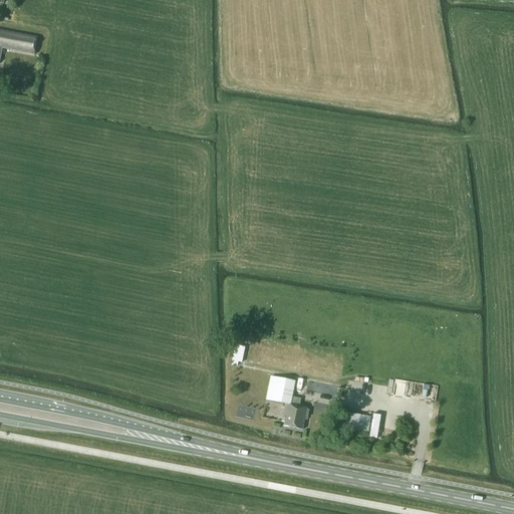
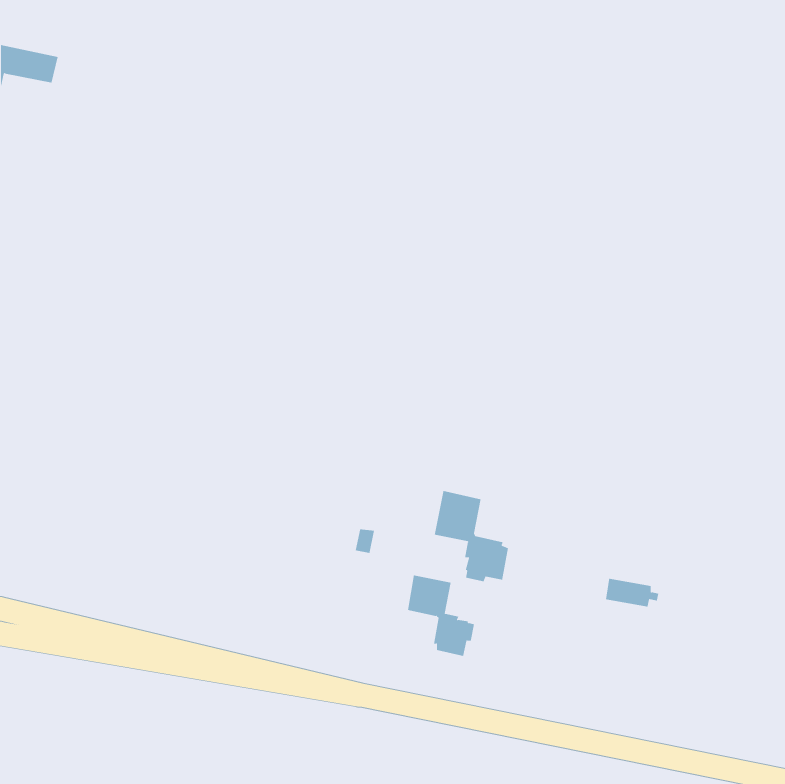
building: none -> [434,490,508,582]
building: [347,410,375,433] -> none

